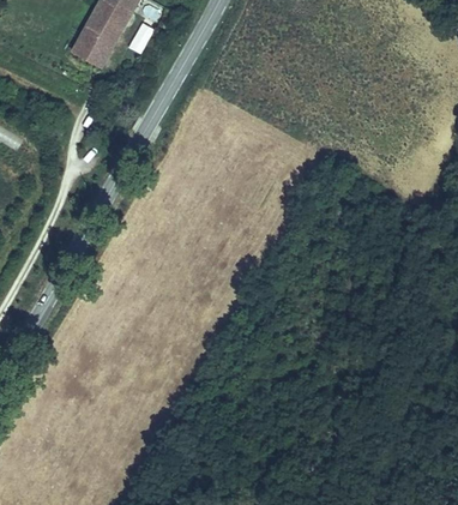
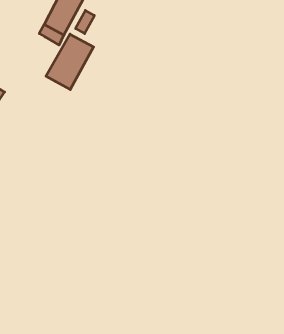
building: none -> [46,34,94,90]

